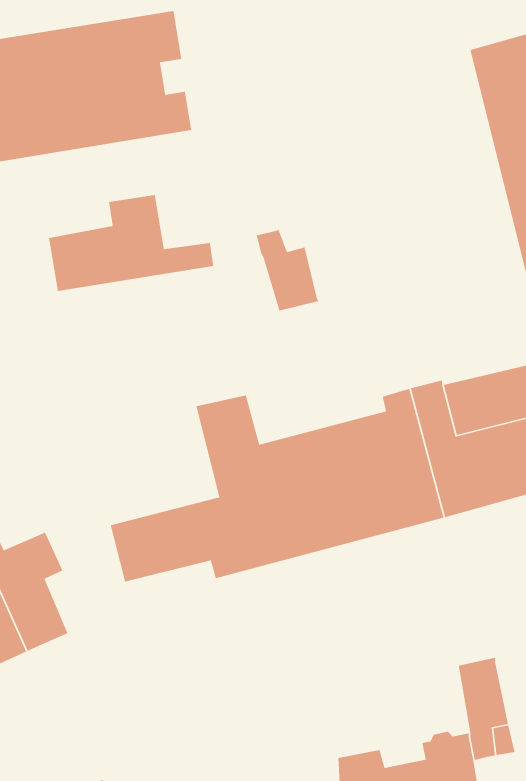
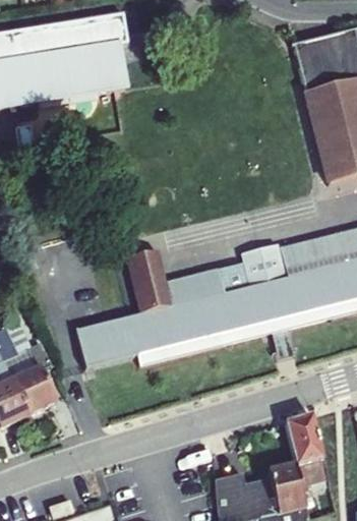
building: [48,194,214,292] -> none
building: [256,229,320,312] -> none

